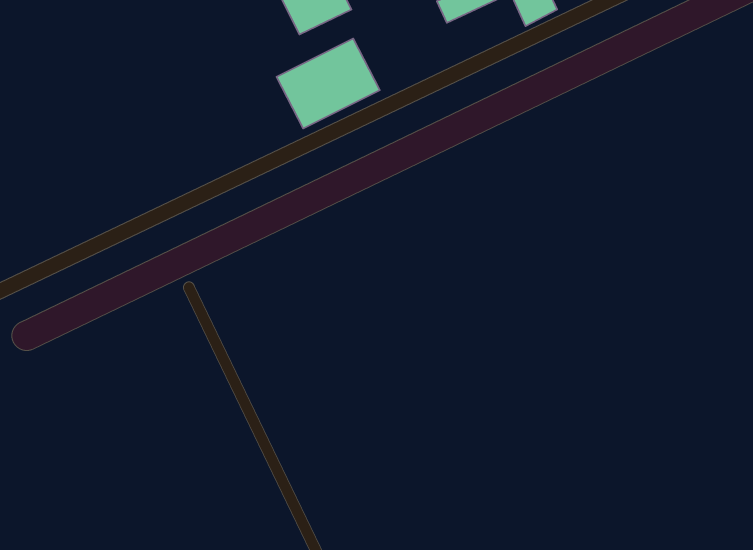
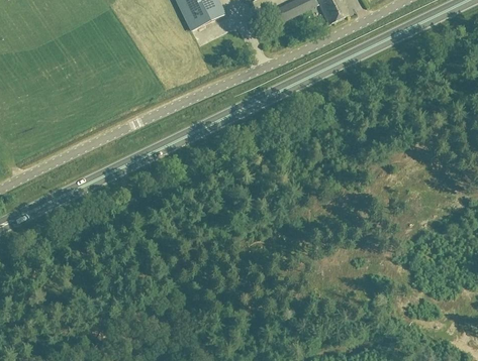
building: [276,38,380,129] -> none

